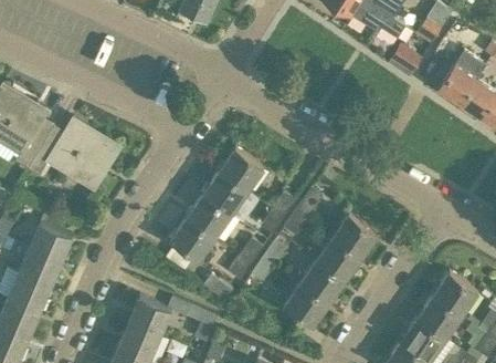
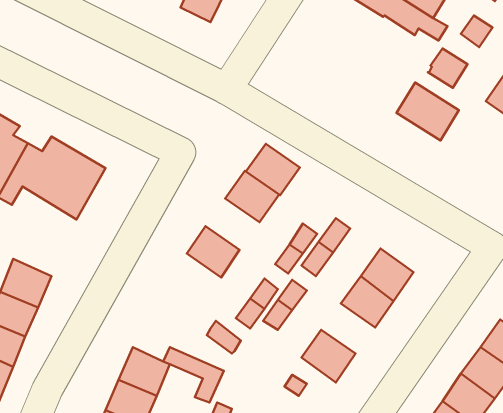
building: none -> [397,83,459,141]
building: [202,170,247,214] -> [246,144,300,195]
building: [170,217,215,267] -> none
building: [299,259,345,301] -> none

